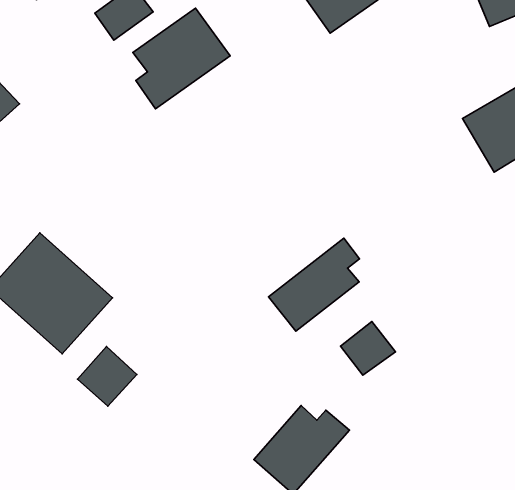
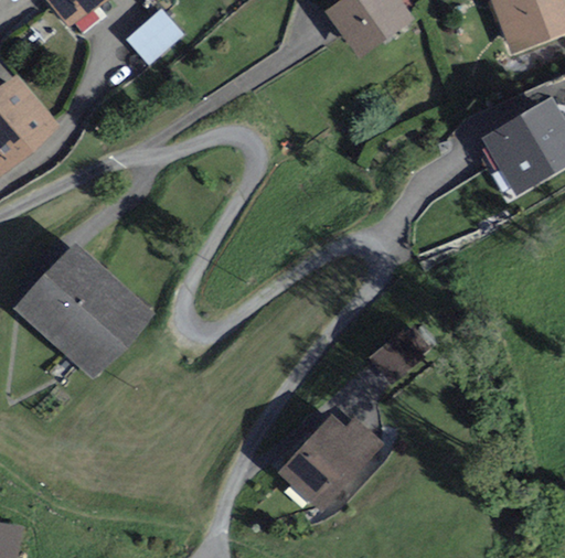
building: [133,8,230,109] -> none
building: [269,238,359,331] -> none
building: [77,347,137,406] -> none

